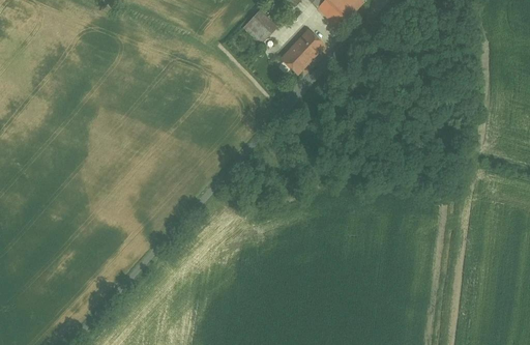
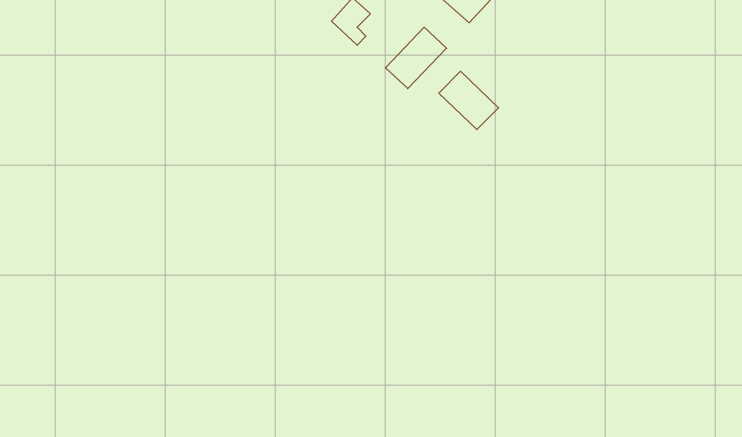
building: none -> [439,71,499,130]

